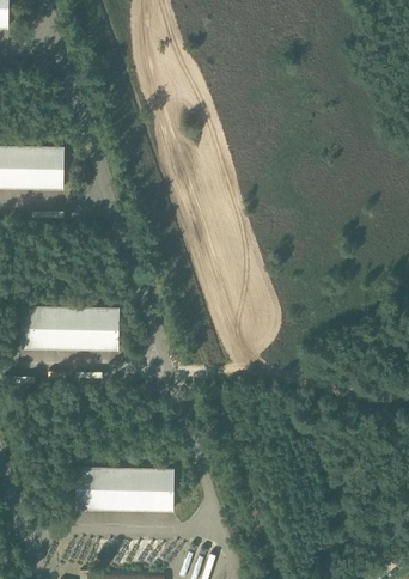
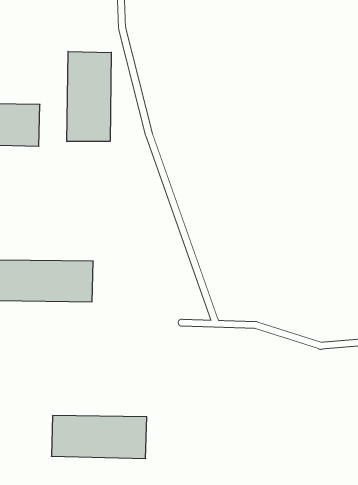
building: none -> [67,51,111,142]

